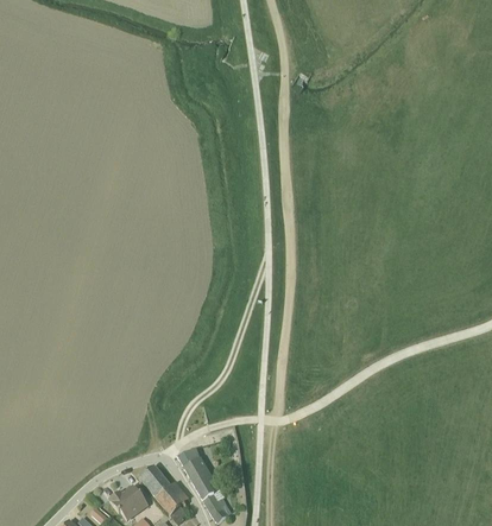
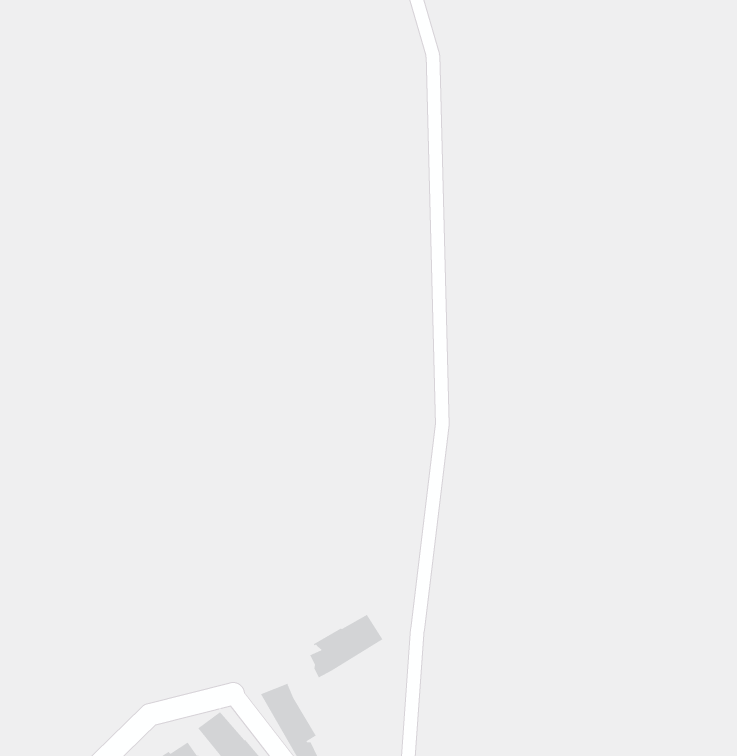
building: none -> [309,612,384,679]

